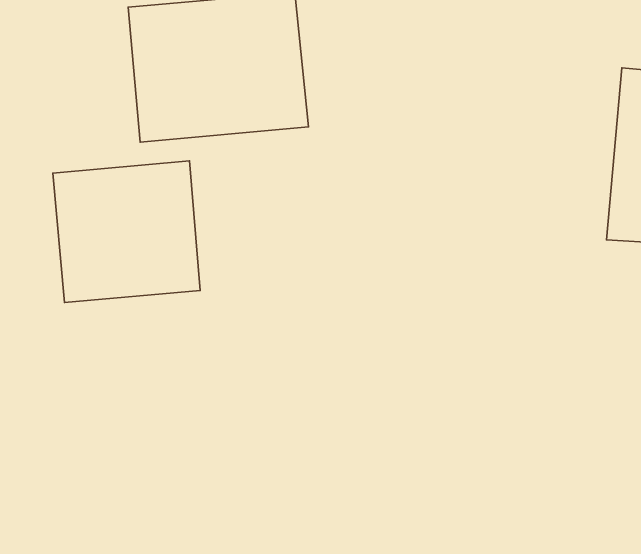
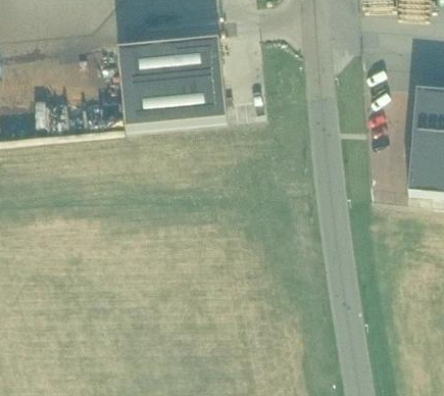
building: [53,161,200,303] -> none

